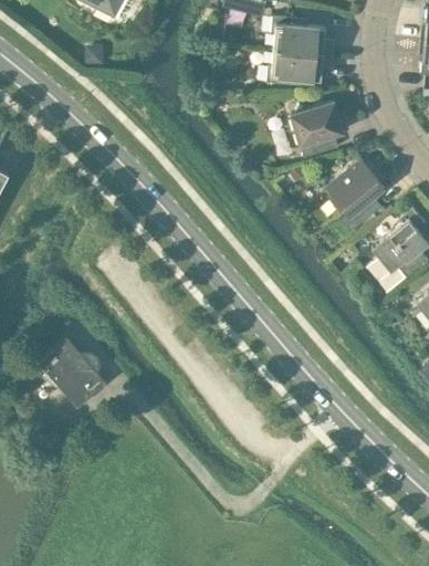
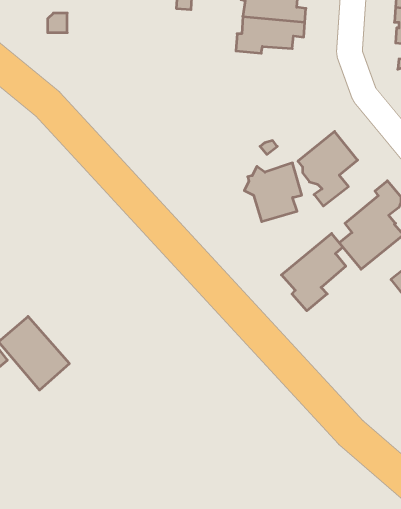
building: [289,102,344,158] -> [244,163,302,222]
building: none -> [281,233,346,311]

